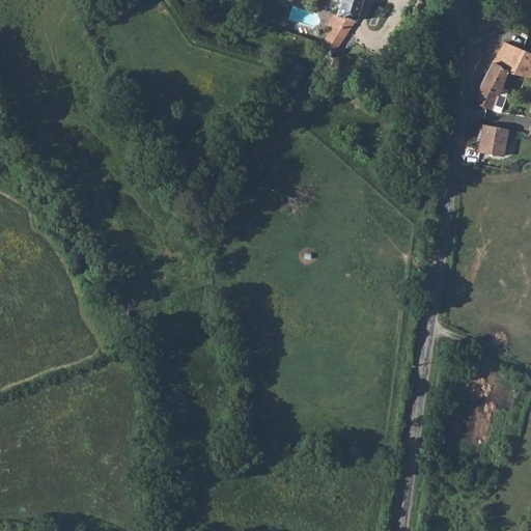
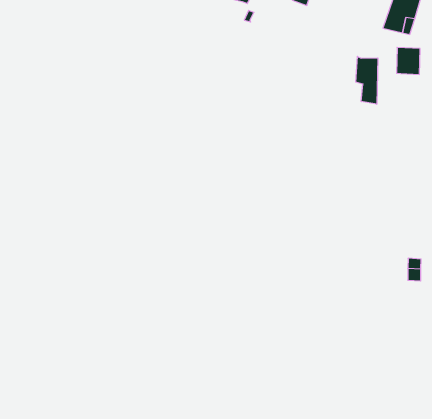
building: none -> [356,56,378,104]

